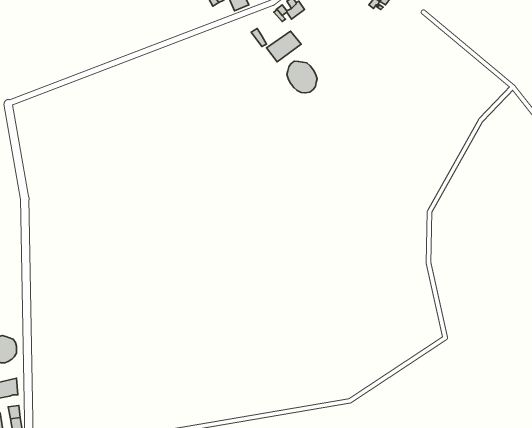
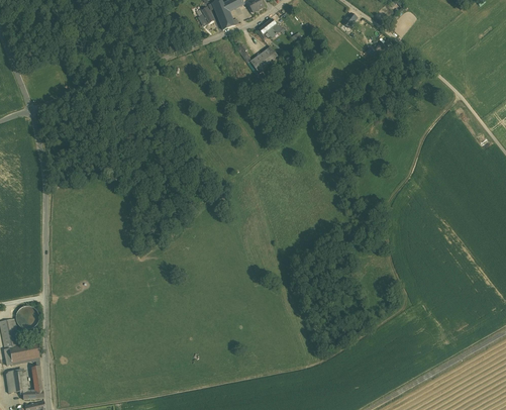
building: [287,61,317,93] -> none

